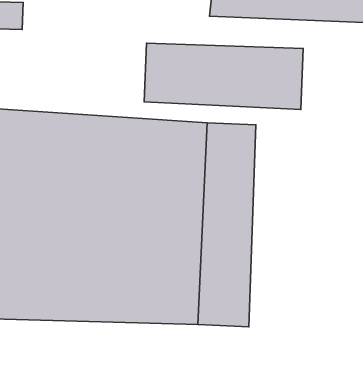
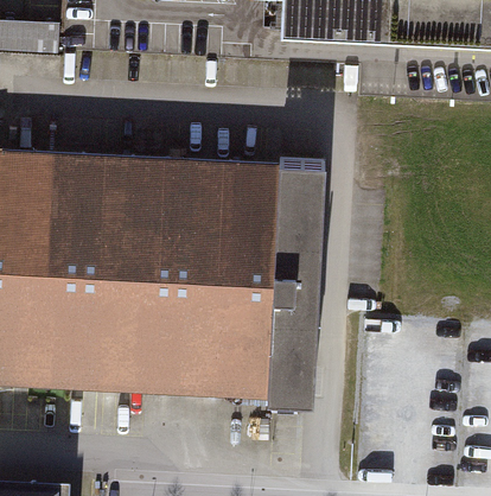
building: [144,43,303,109] -> none

